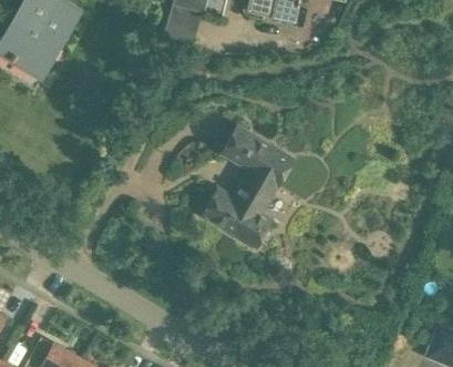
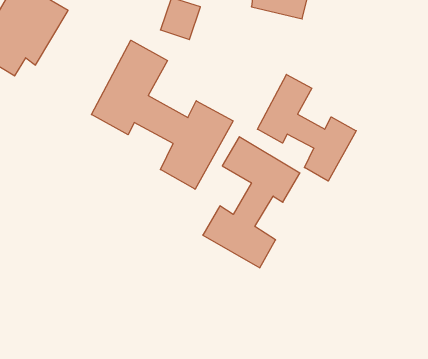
building: none -> [91,40,233,189]
building: none -> [257,74,356,181]

